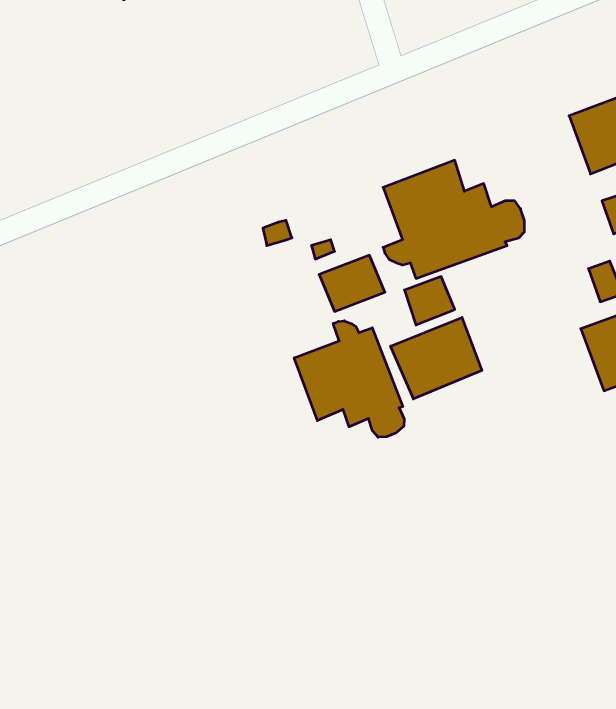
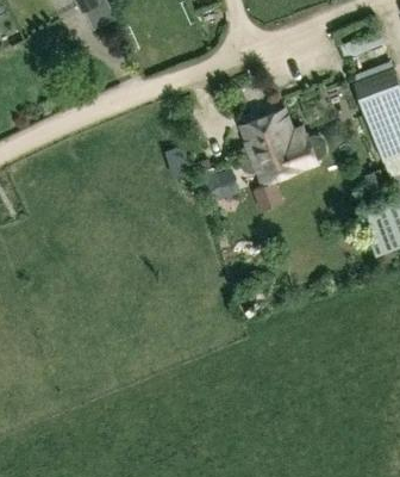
building: [391,317,482,399] -> none
building: [294,321,404,437] -> none

